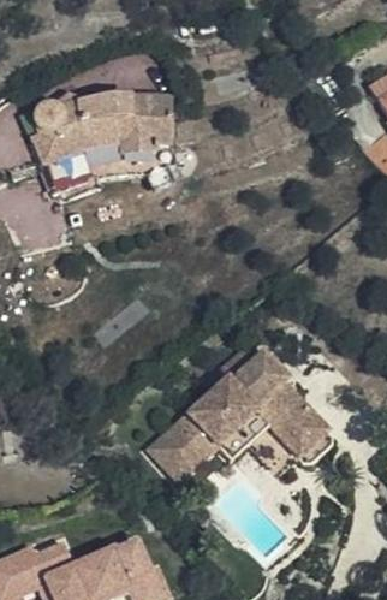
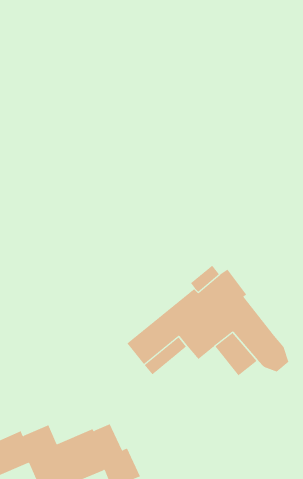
building: [29,93,169,192] -> none

